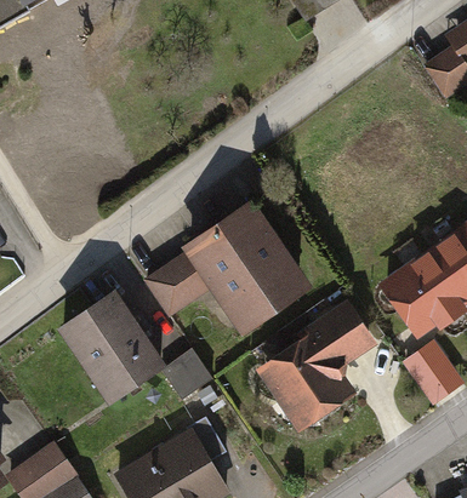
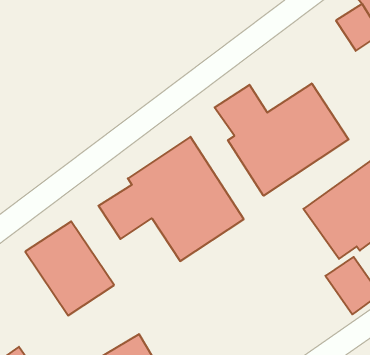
building: none -> [215,83,349,196]
building: [254,299,375,434] -> none
building: [161,351,209,400] -> none

